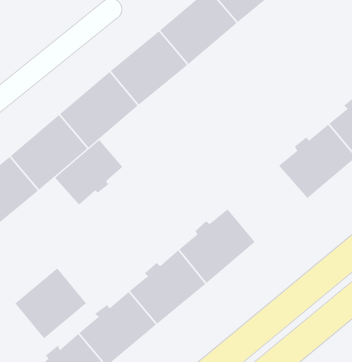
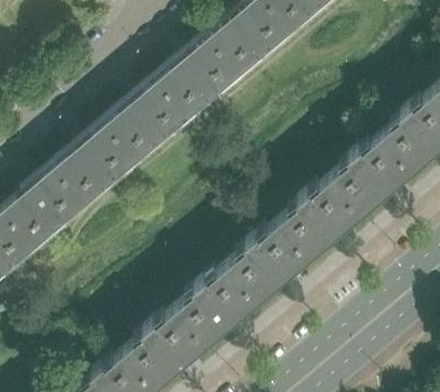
building: [54,139,123,205] -> none
building: none -> [278,181,360,260]
building: [15,267,87,339] -> none

